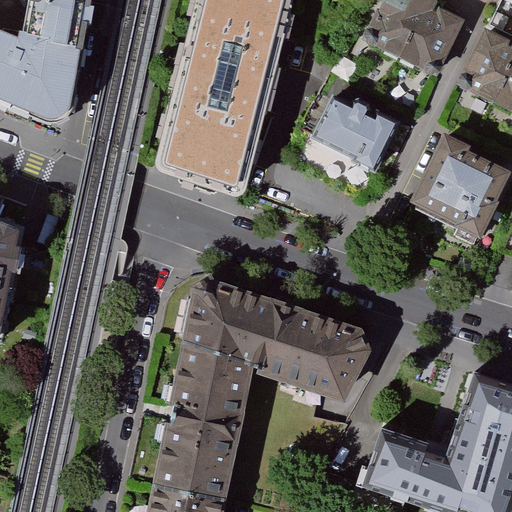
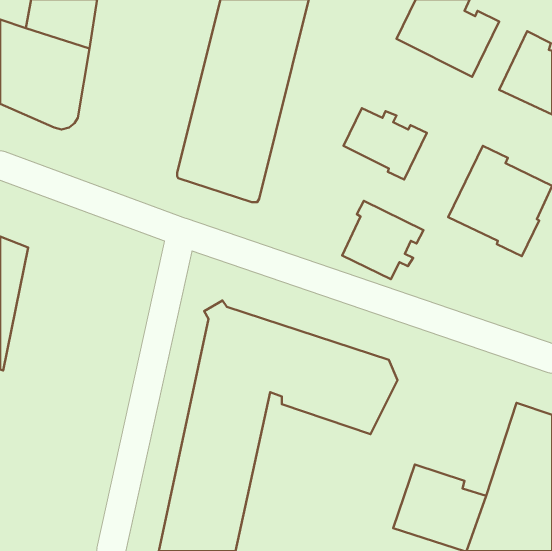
building: none -> [342,201,424,279]

